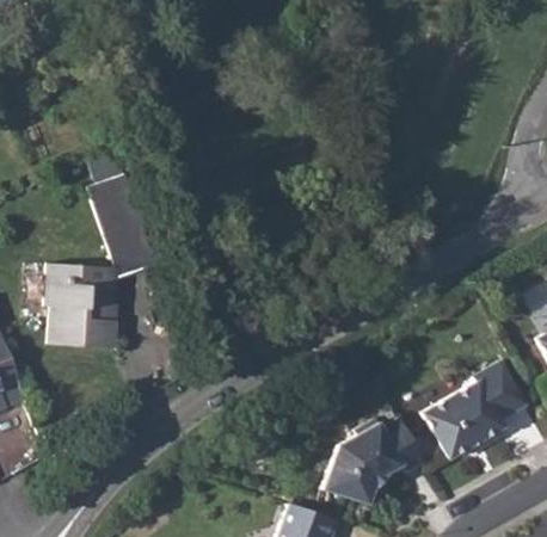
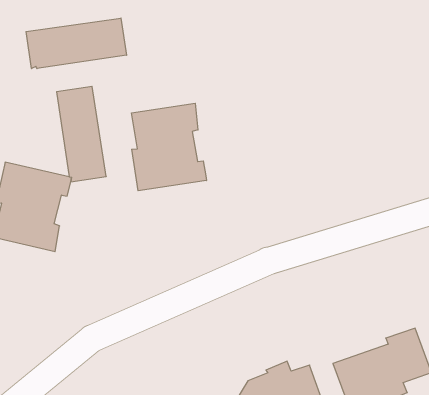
building: none -> [26,18,127,69]
building: none -> [132,103,206,191]

